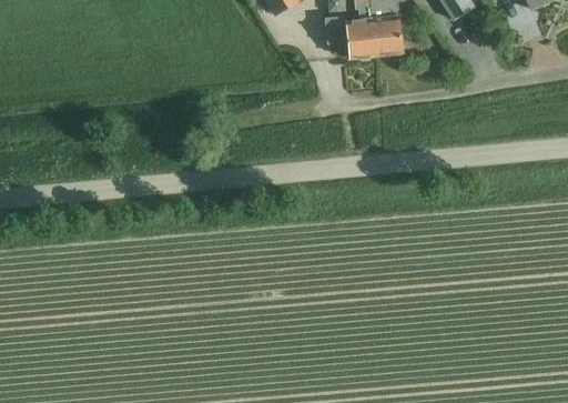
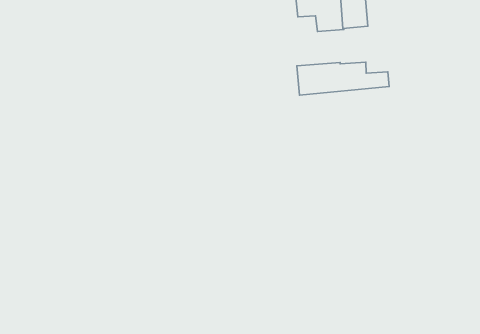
building: none -> [297,62,389,95]

